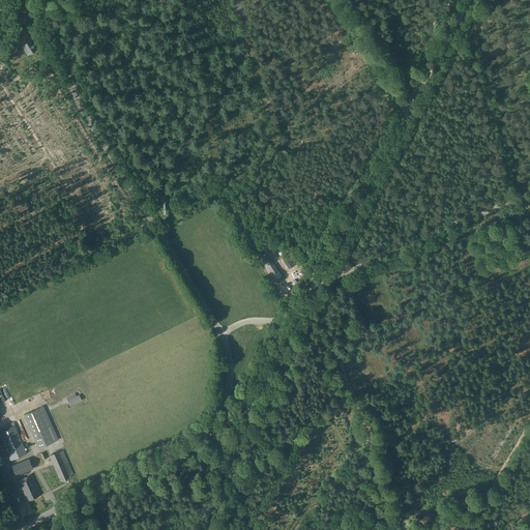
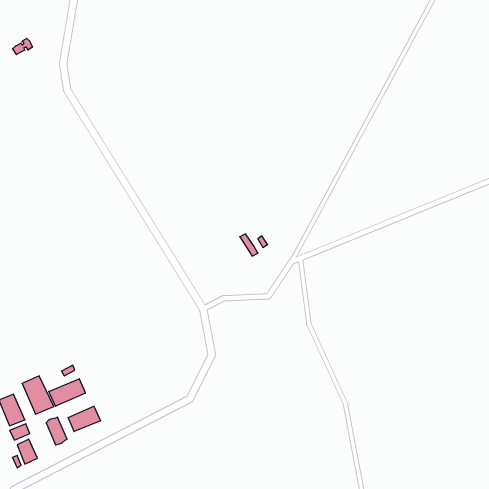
building: none -> [49,379,85,406]
building: none -> [68,406,101,432]

